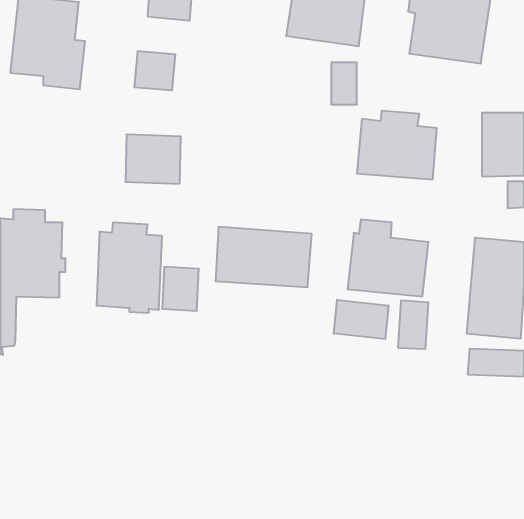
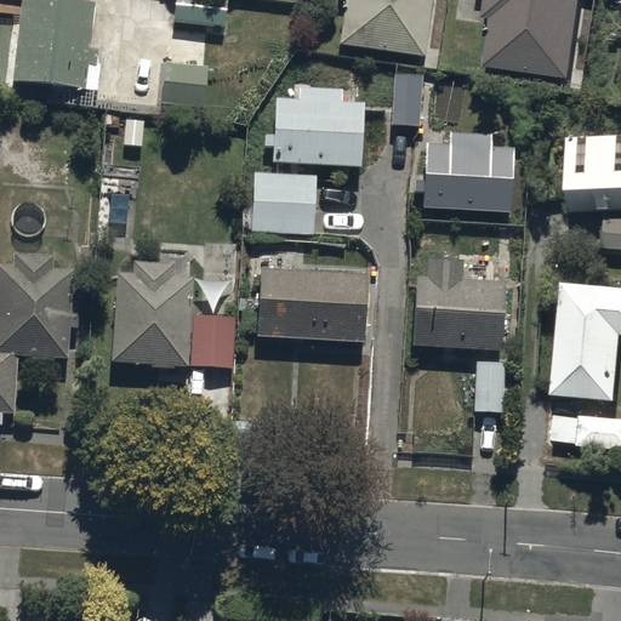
building: none -> [272,86,363,166]
building: [125,135,181,184] -> [250,175,315,233]
building: [334,300,388,339] -> none

